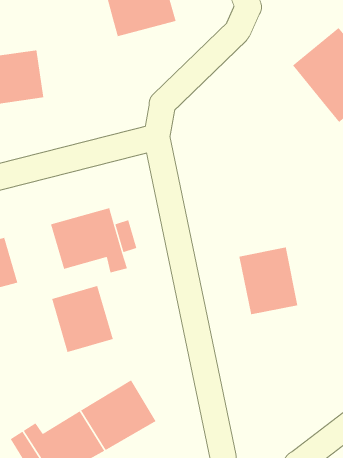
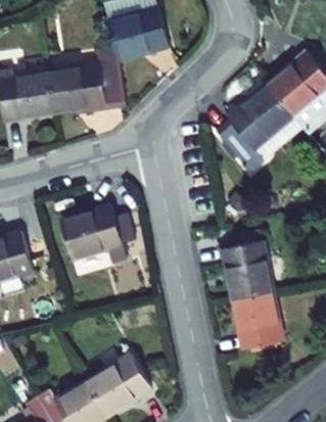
building: none -> [49,46,126,113]
building: none -> [218,86,293,172]
building: [51,285,113,353] -> none
building: none -> [232,291,283,350]

